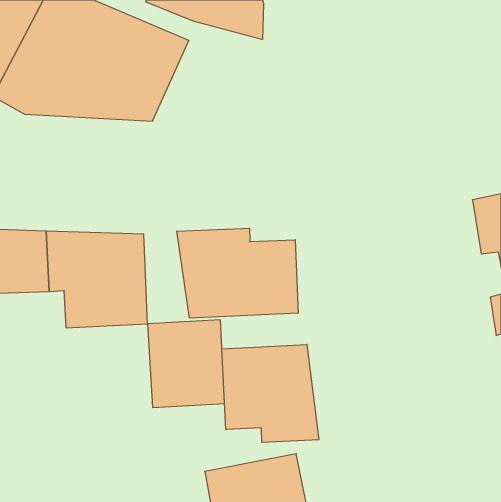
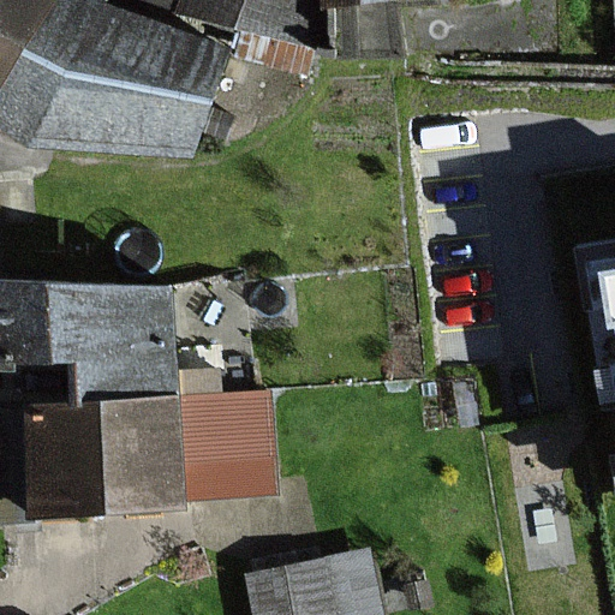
building: [177,228,298,318] -> none
building: none -> [26,396,186,515]
building: [222,344,319,443] -> none

